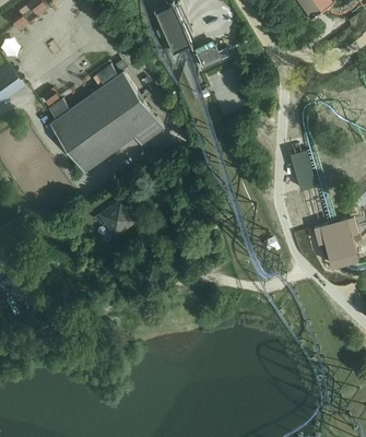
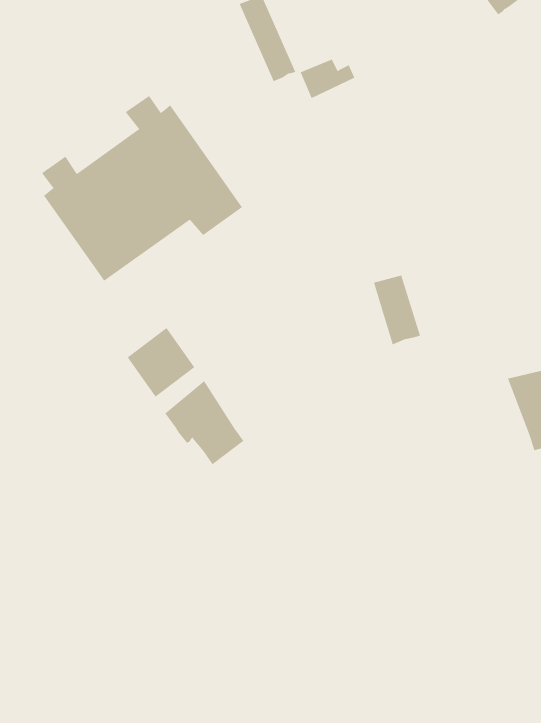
building: [290,151,317,191] -> [373,275,421,345]
building: none -> [165,380,244,465]

